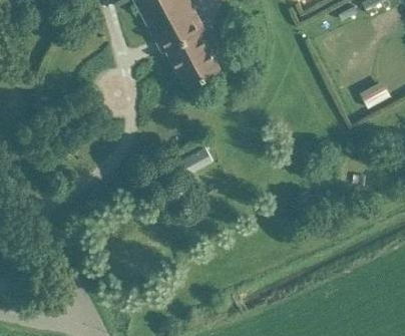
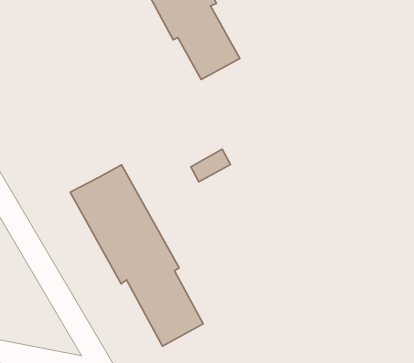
building: none -> [70,165,203,346]

